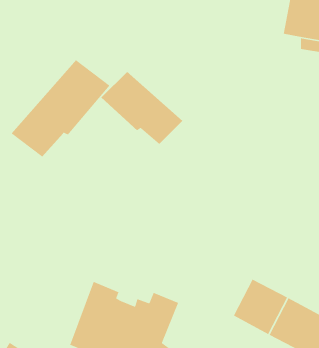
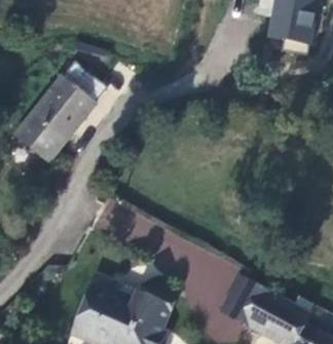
building: [101,71,183,145] -> none

